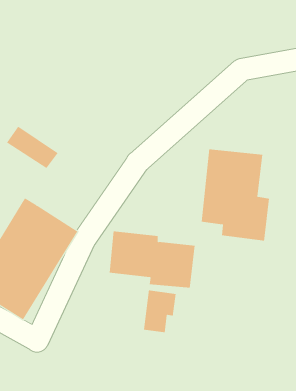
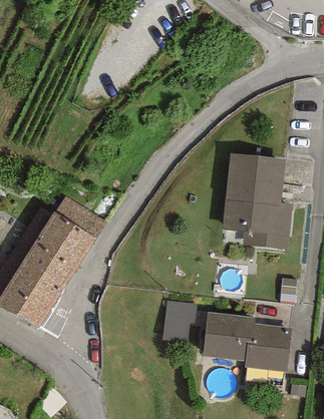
building: [6,126,59,169] -> [53,195,107,240]
building: [109,231,195,288] -> [203,313,292,372]

